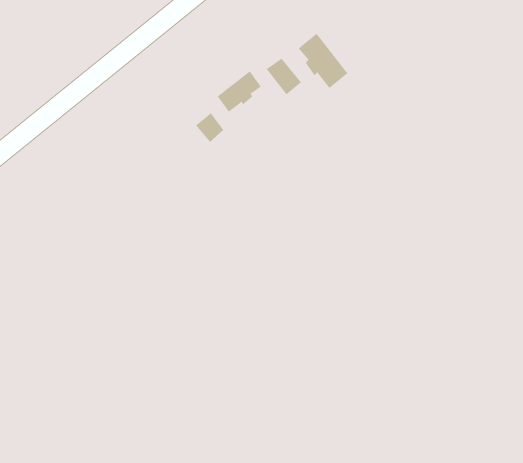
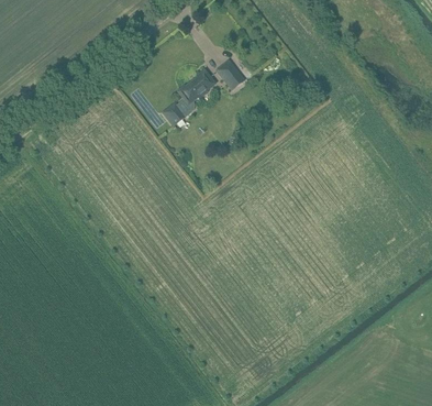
building: [298,33,348,89] -> none

